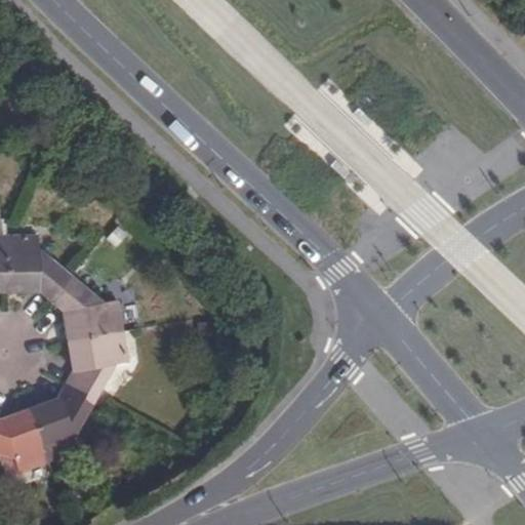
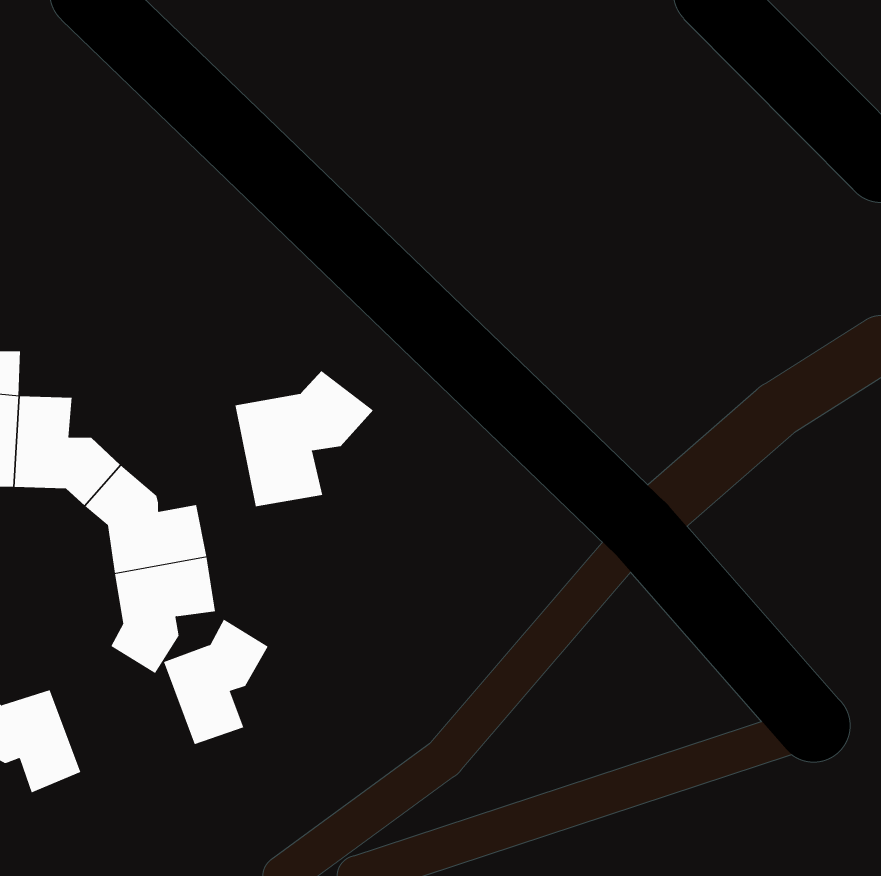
building: none -> [235,370,374,507]
building: [30,383,92,458] -> [163,619,268,745]

